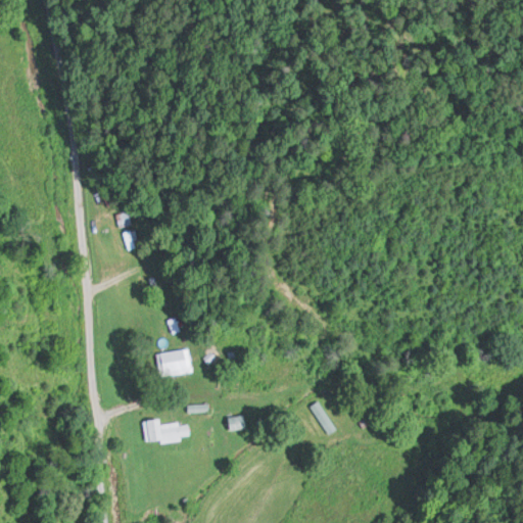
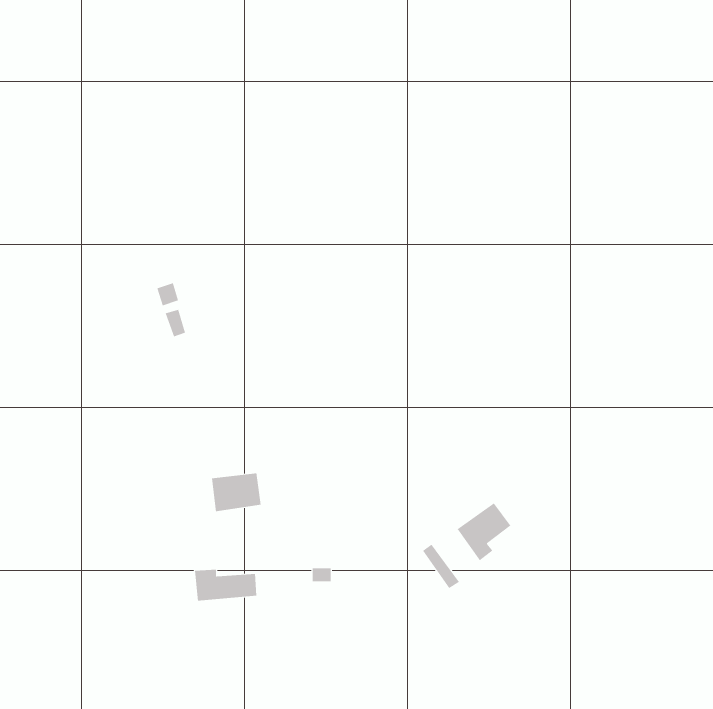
building: none -> [457,502,511,561]

